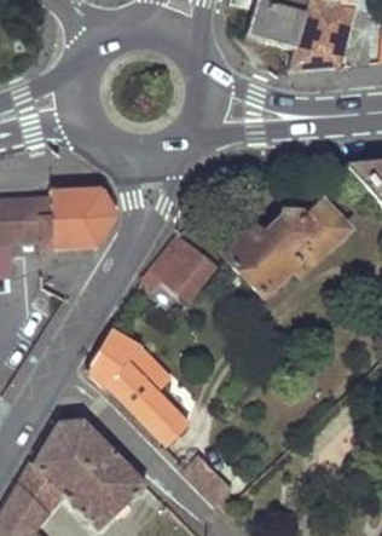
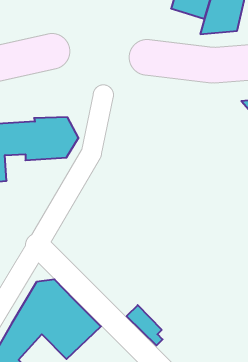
building: [224,201,347,294] -> none
building: [144,232,216,299] -> none
building: [87,328,190,445] -> none

